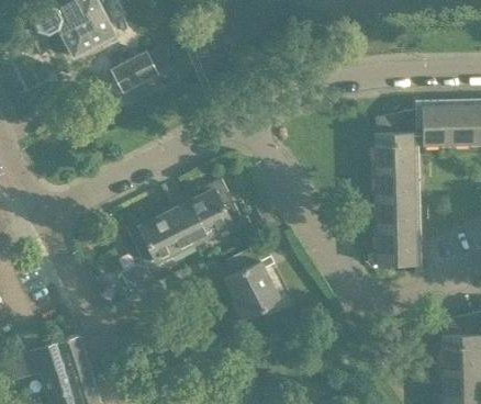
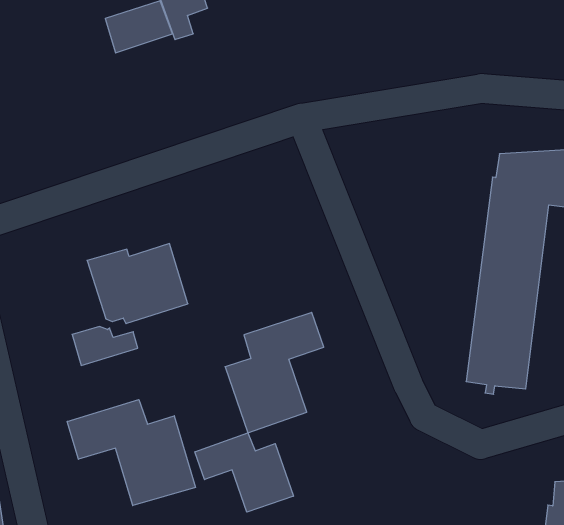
building: [178,178,242,244] -> none
building: none -> [67,400,195,506]
building: none -> [195,433,293,512]

